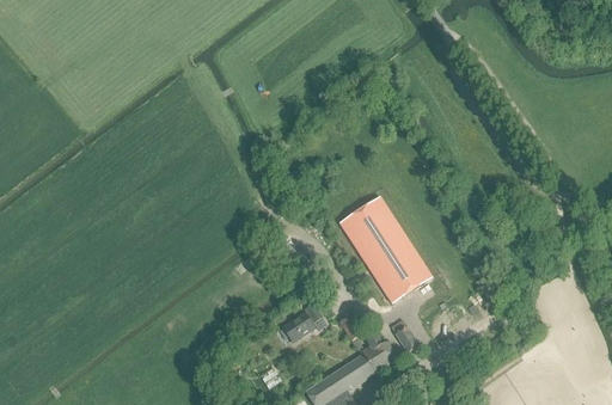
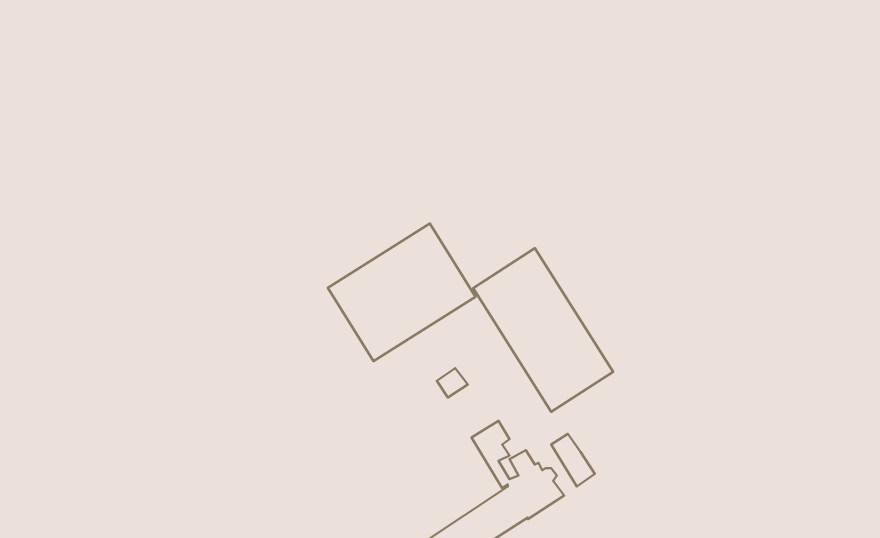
building: none -> [328,223,475,361]
building: [280,311,314,343] -> none

